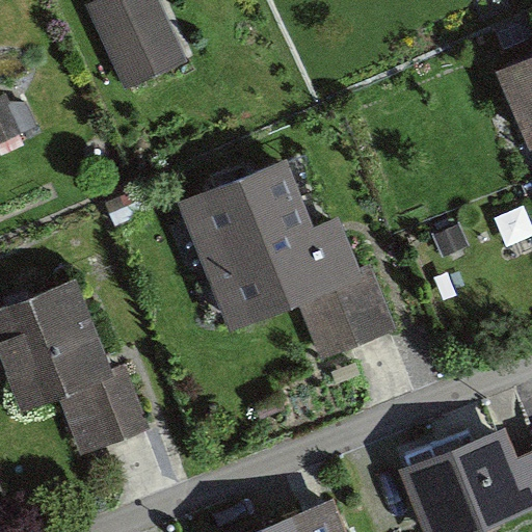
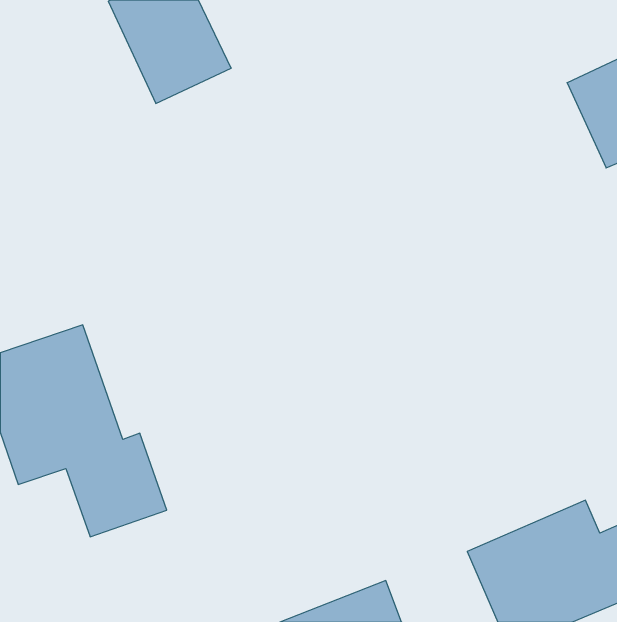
building: [190,163,390,353] -> none

